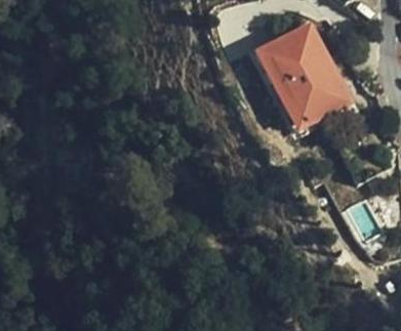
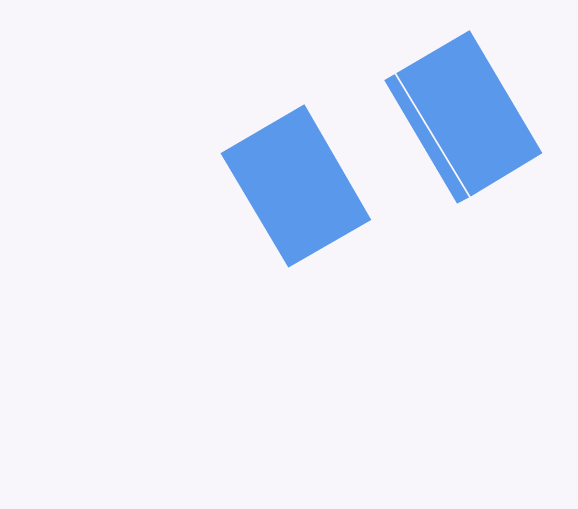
building: none -> [220,103,372,269]

